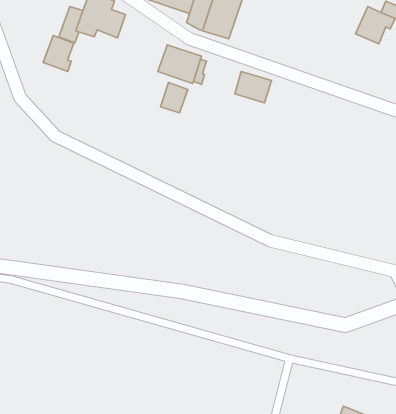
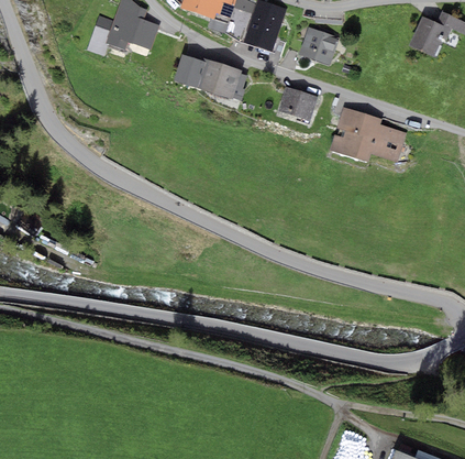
building: none -> [299,26,340,65]
building: [43,35,74,72] -> none
building: [160,82,188,113] -> [174,53,203,86]
building: none -> [330,106,407,162]

